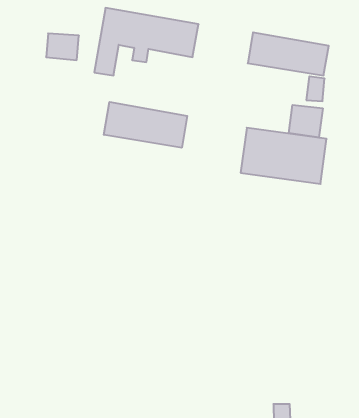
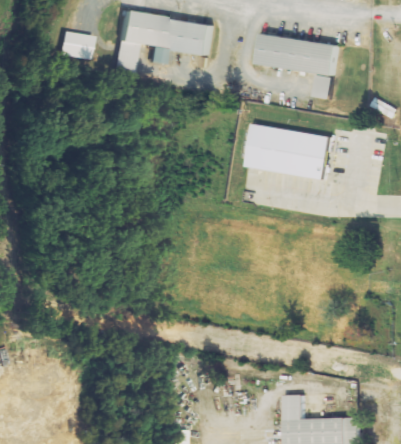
building: [104,102,187,148] -> none
building: [289,105,323,138] -> none

